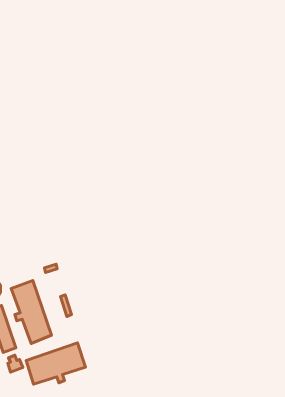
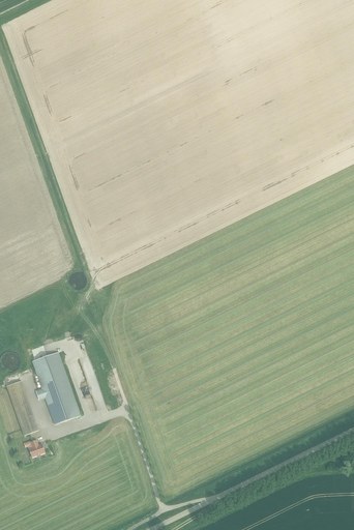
building: [26,343,85,384] -> none

